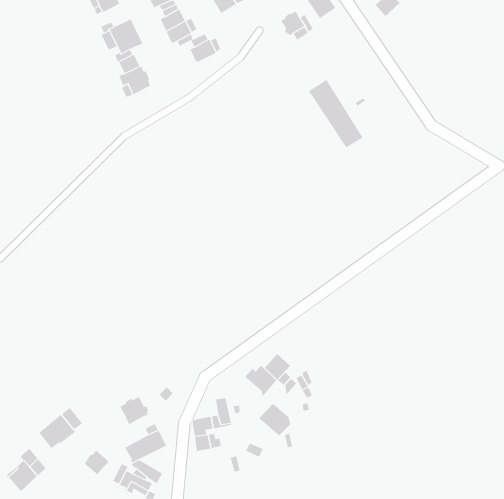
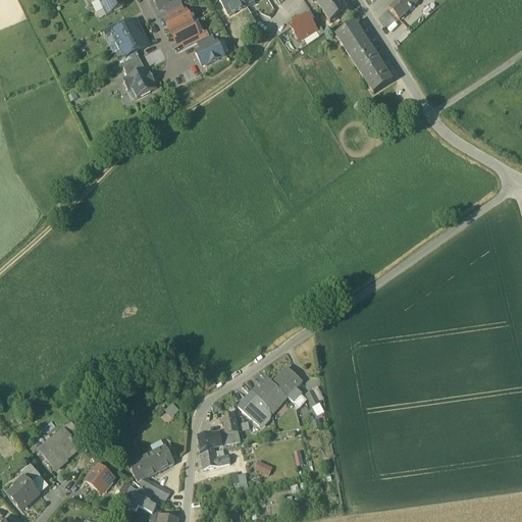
building: [308,79,363,148] -> [335,19,393,91]
building: [119,396,149,425] -> none
building: [259,403,291,436] -> [238,388,271,423]

